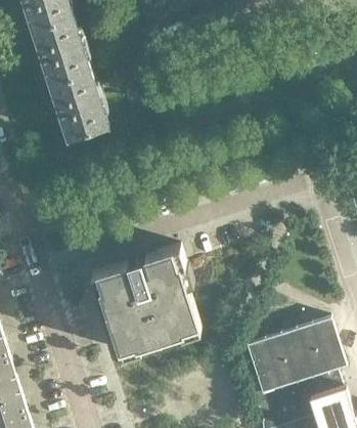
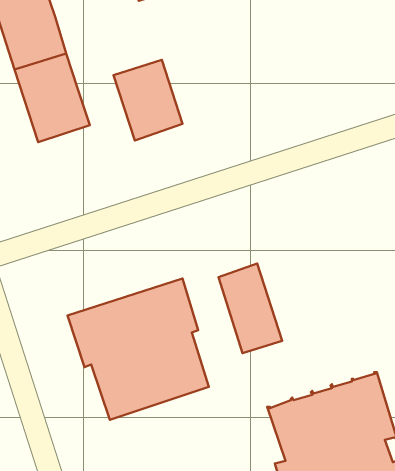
building: none -> [113,60,183,141]
building: none -> [219,264,282,353]

